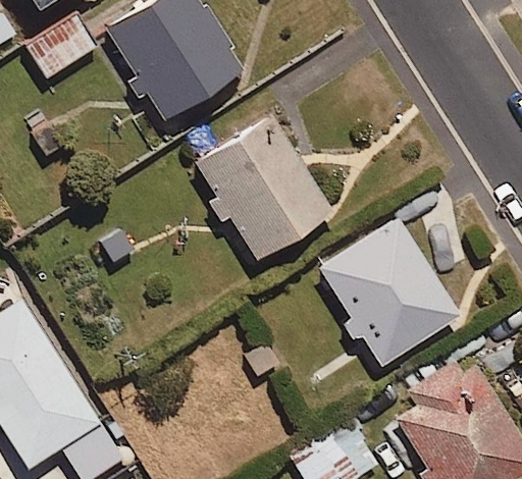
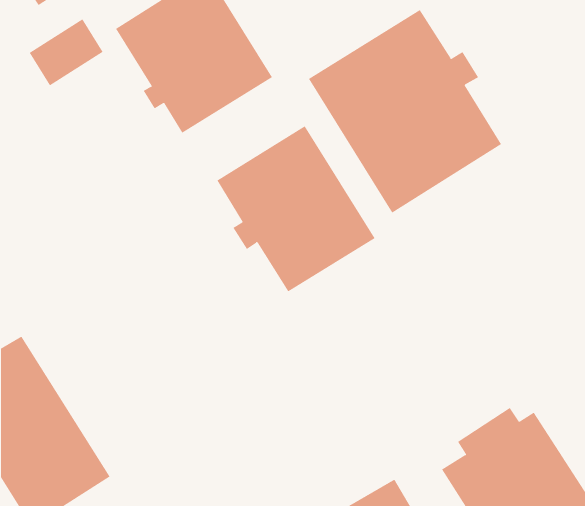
building: none -> [308,9,502,213]
building: [318,219,460,366] -> none

